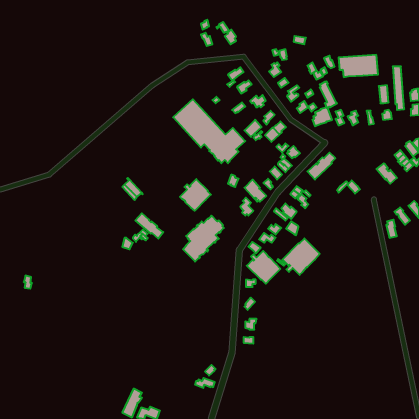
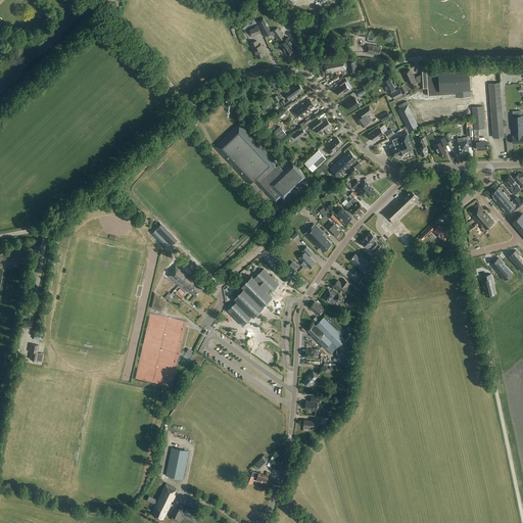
building: [180,179,211,211] -> none
building: [282,238,320,275] -> none
building: none -> [165,447,189,479]

